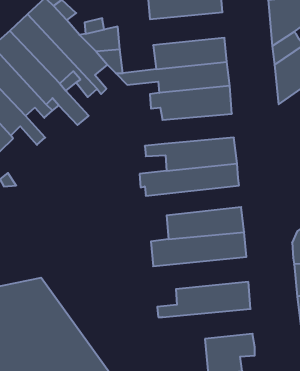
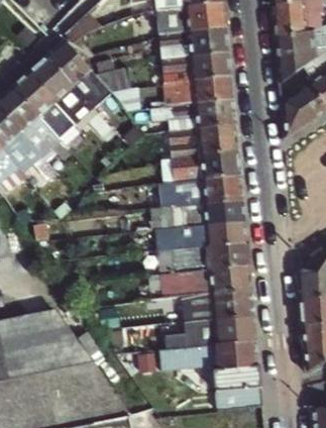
building: none -> [160,51,233,84]
building: none -> [173,150,242,180]
building: none -> [156,220,249,251]
building: none -> [164,290,256,321]
building: none -> [173,340,260,369]

